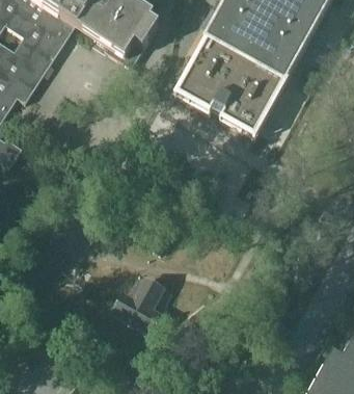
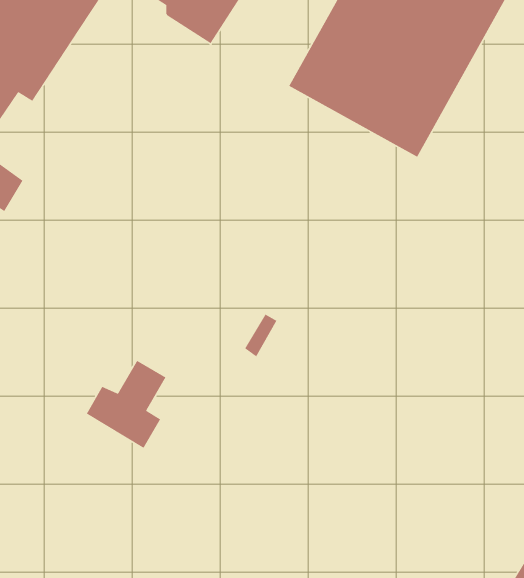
building: [113,279,161,332] -> [86,360,166,449]

